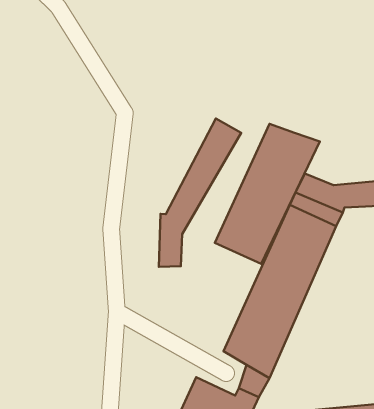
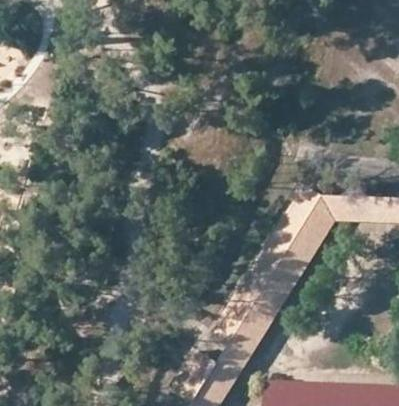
building: [159,118,241,267] -> none
building: [215,124,320,264] -> none

